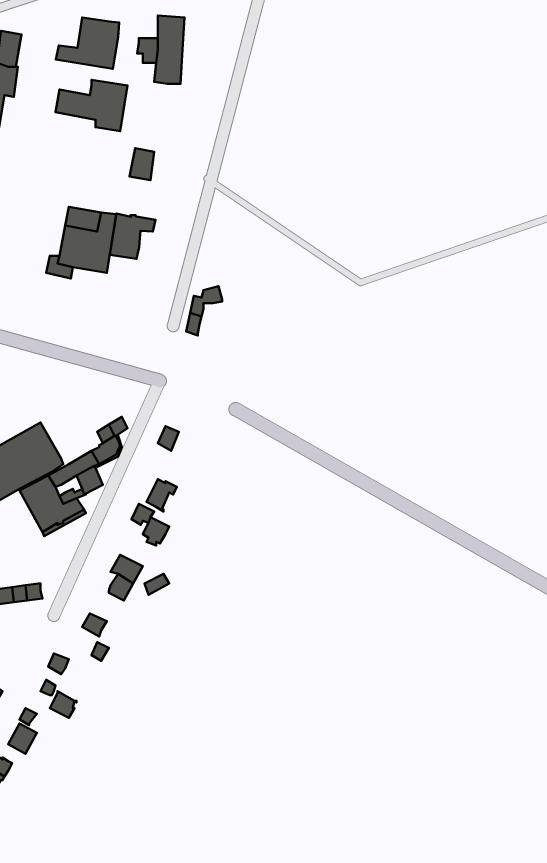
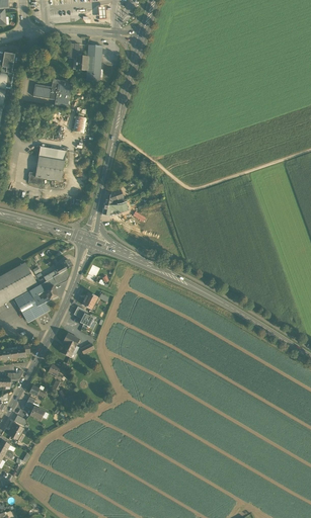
building: [56,18,119,69] -> none
building: [110,213,156,259] -> none

